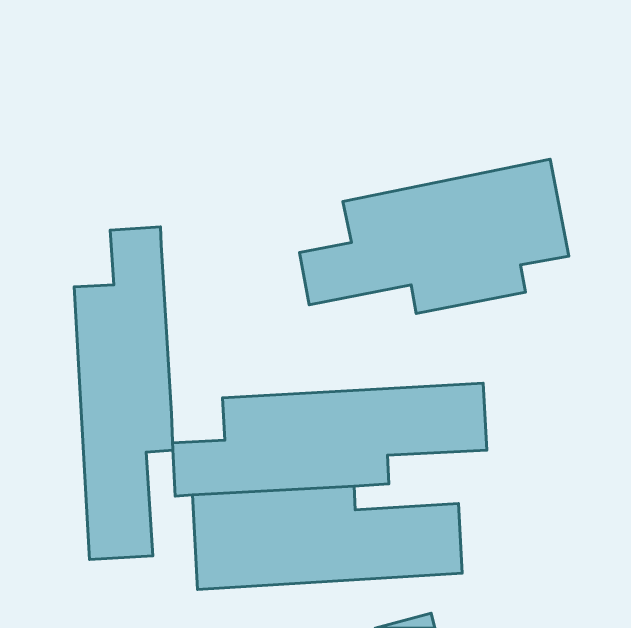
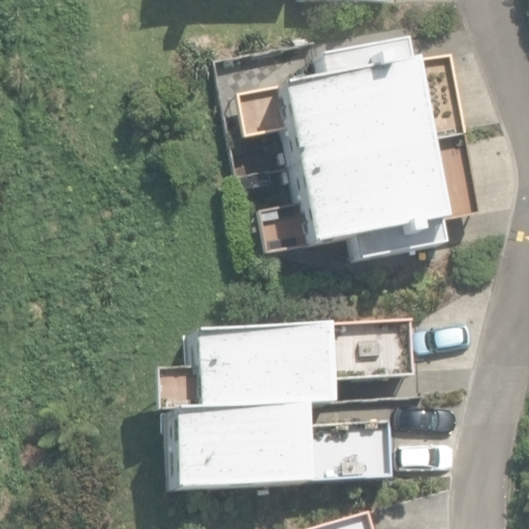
building: none -> [229,37,461,167]
building: [74,227,173,560] -> none

